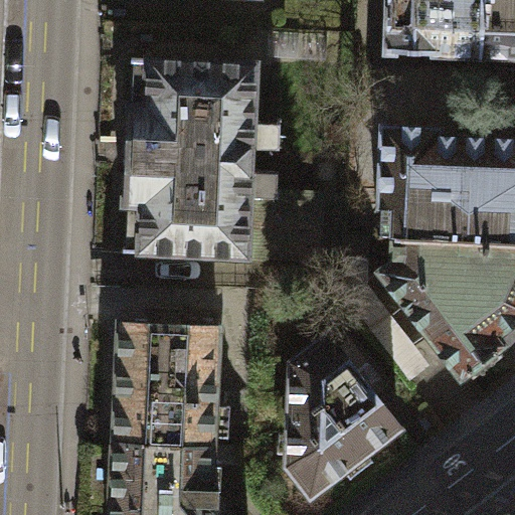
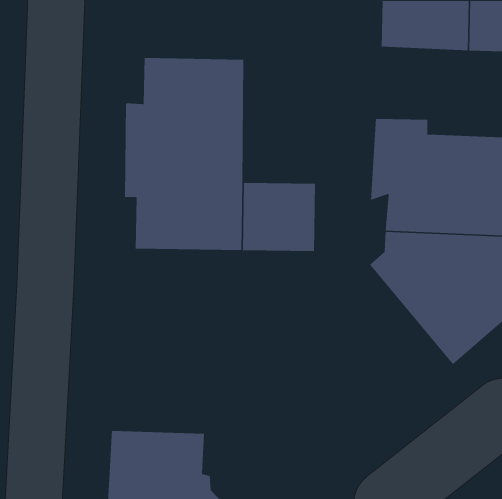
building: [115,326,214,447] -> none
building: [286,334,397,500] -> none

